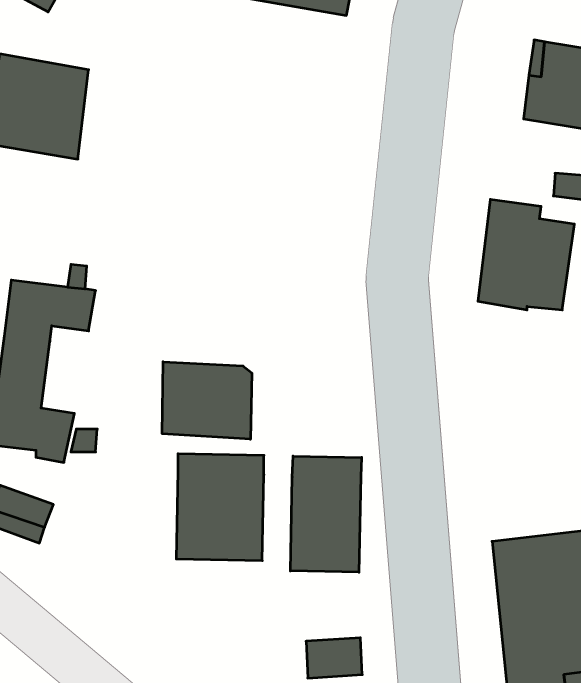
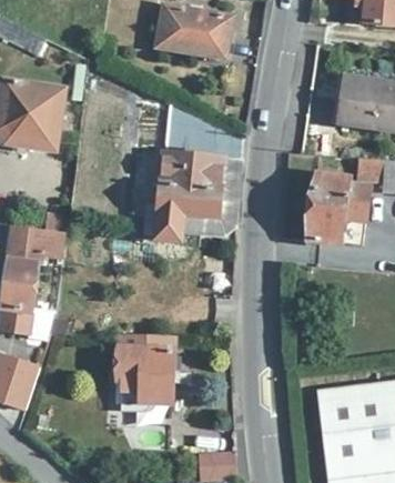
building: none -> [154,102,242,240]
building: [162,362,252,439] -> none
building: [290,456,362,572] -> none

